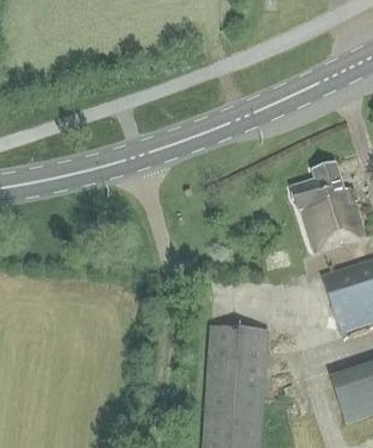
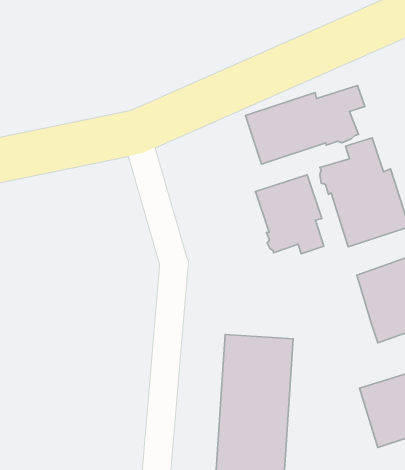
building: none -> [246,85,365,164]
building: none -> [256,175,324,254]

